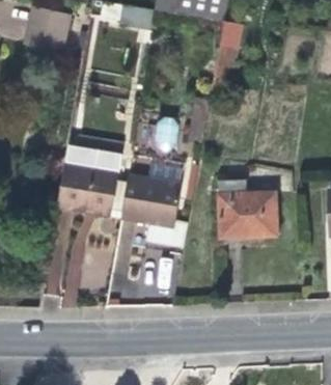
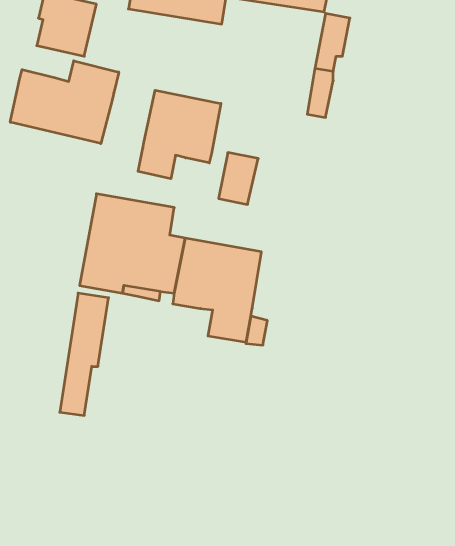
building: none -> [10,61,119,144]
building: none -> [138,90,221,179]
building: [218,180,278,239] -> none

